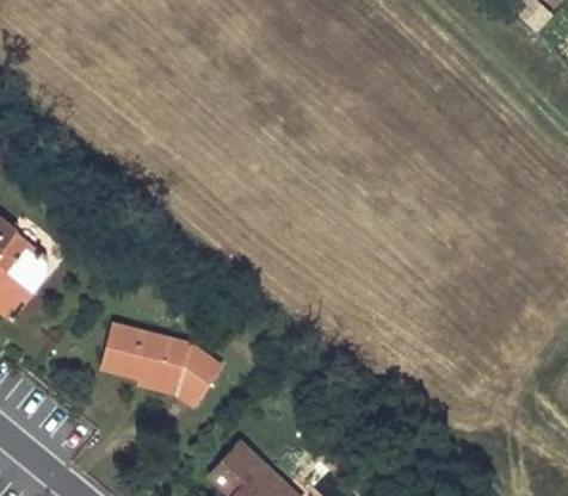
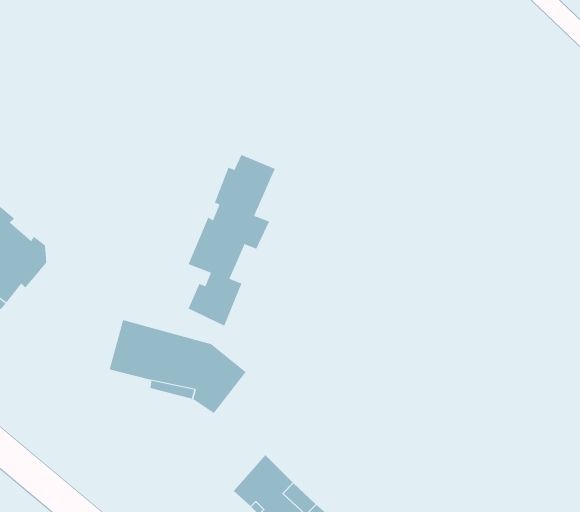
building: none -> [188,154,276,327]

